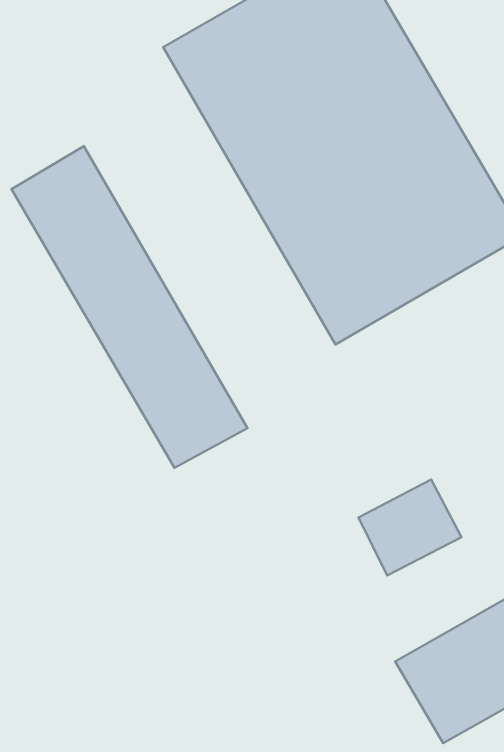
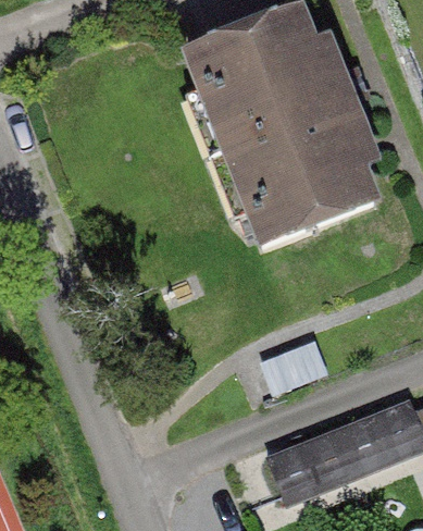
building: [12,146,247,468] -> none

